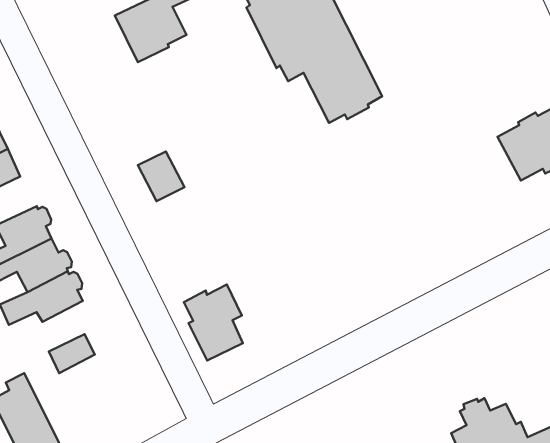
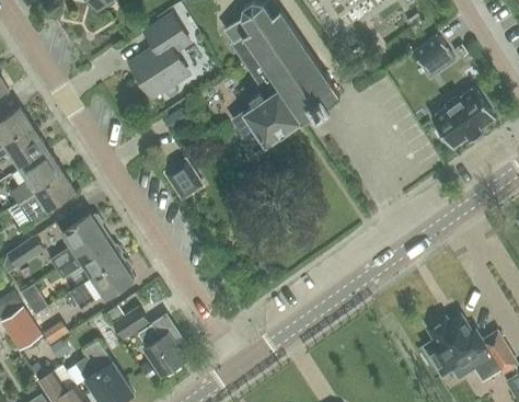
building: none -> [413,35,449,68]
building: none -> [231,89,302,156]
building: [184,284,243,360] -> [138,317,186,376]

